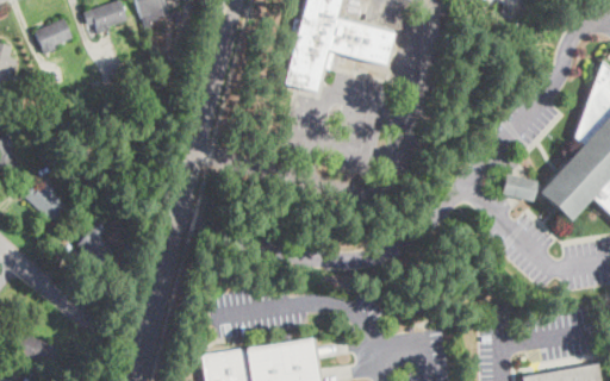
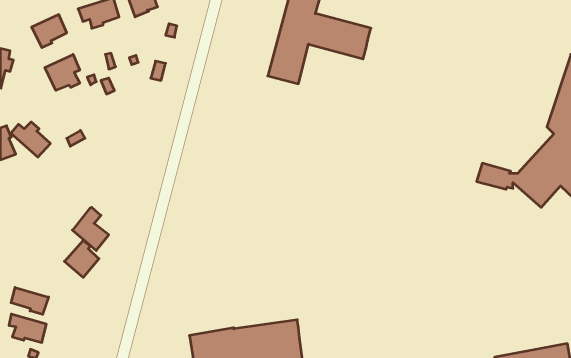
building: none -> [45,54,80,90]
building: [24,182,66,219] -> [11,122,50,157]
building: none -> [64,240,99,277]
building: none -> [11,287,49,314]

